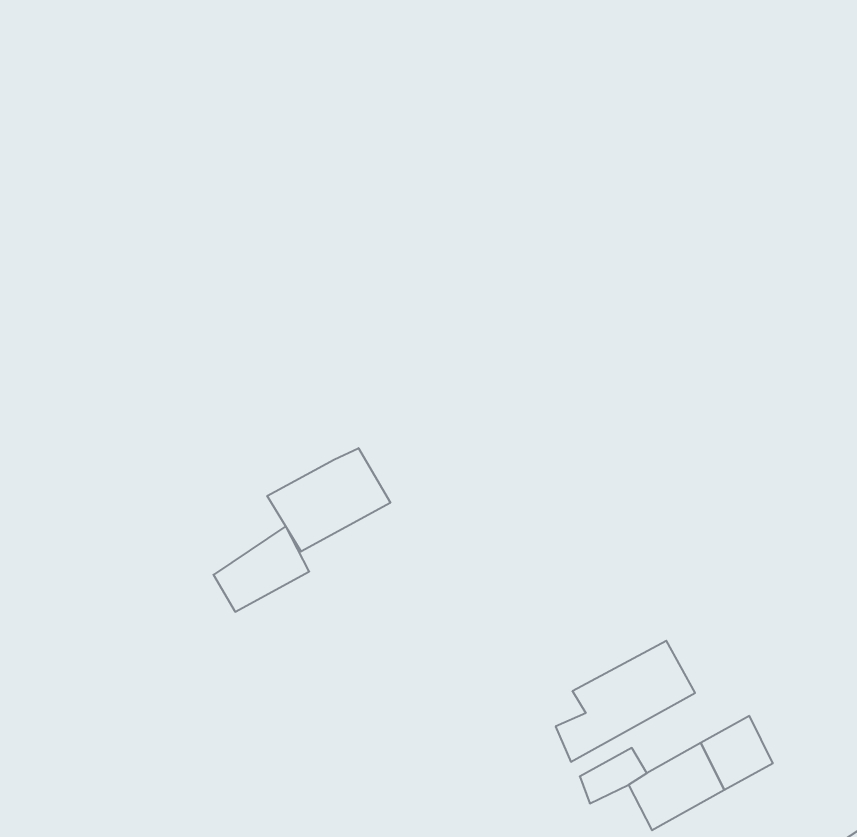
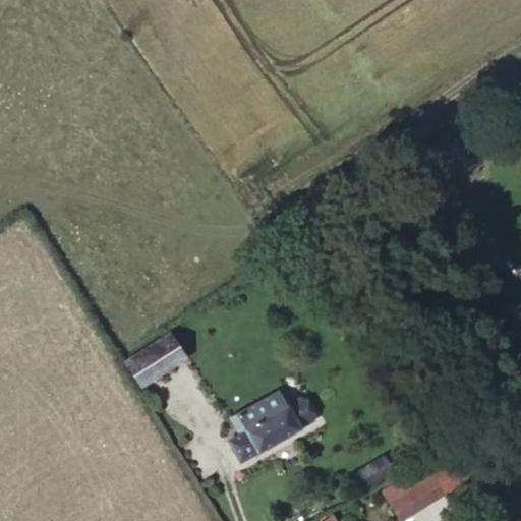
building: [267,448,390,552] -> none
building: [556,641,695,762] -> [227,394,311,467]

